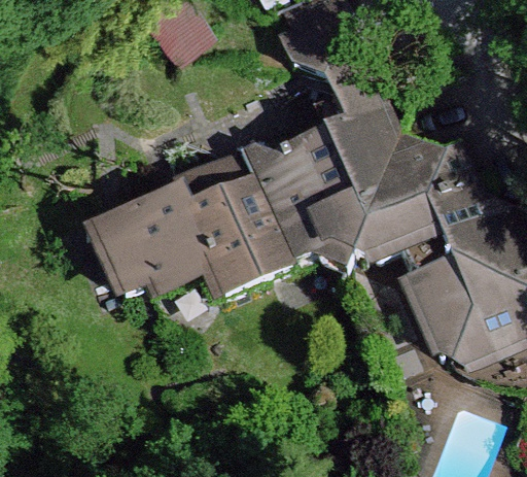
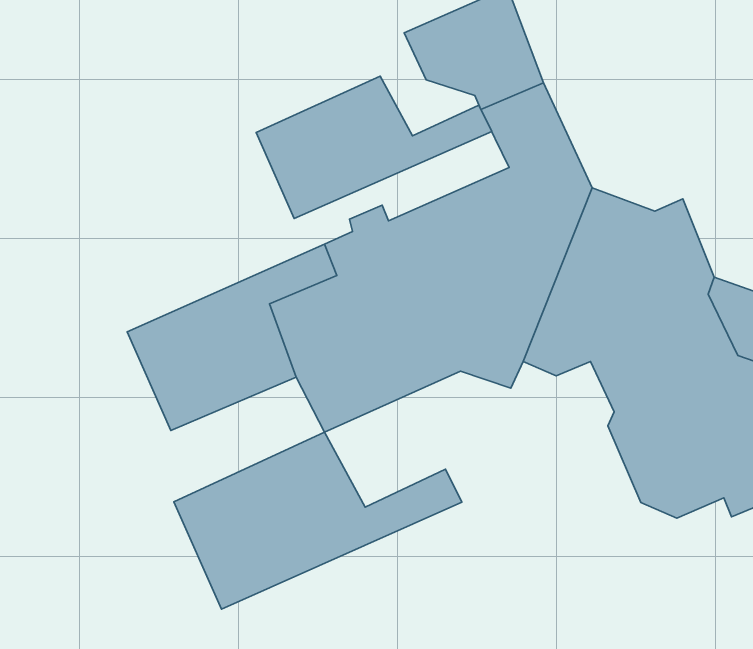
building: none -> [256,76,492,218]
building: none -> [174,432,462,609]

